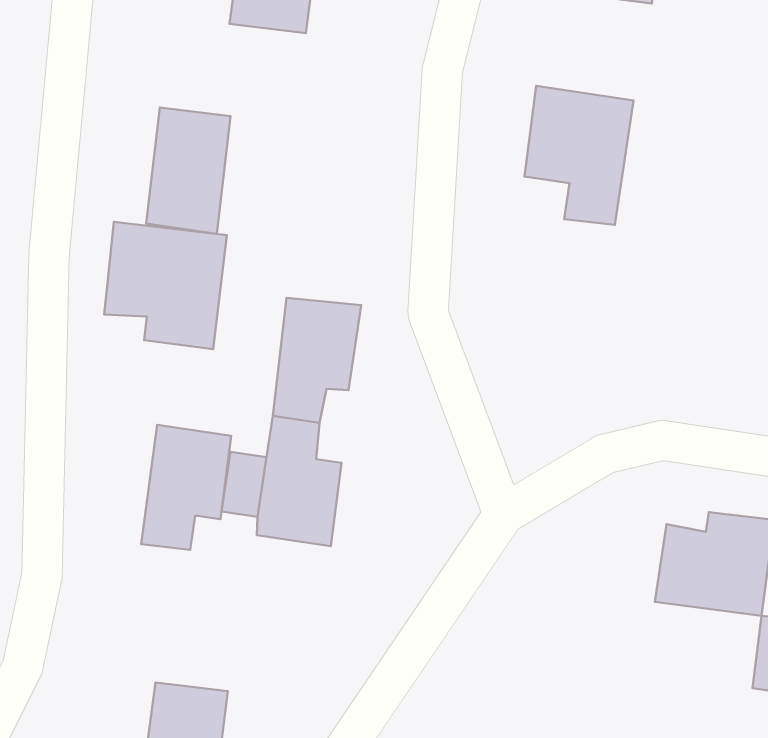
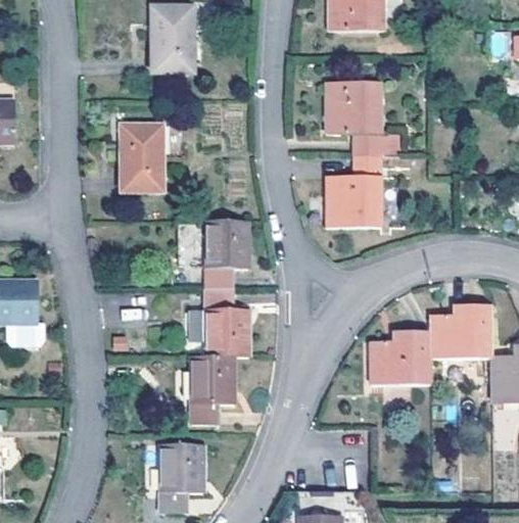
building: none -> [325,153,381,226]
building: [104,222,227,349] -> none
building: [141,425,231,550] -> [192,354,235,422]
building: none -> [373,331,433,385]

